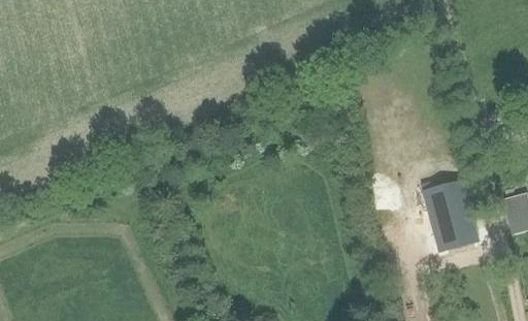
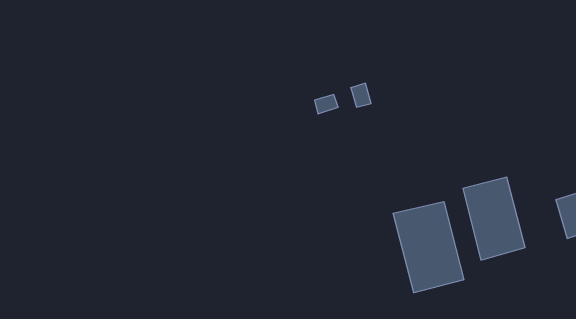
building: none -> [393,202,464,293]

